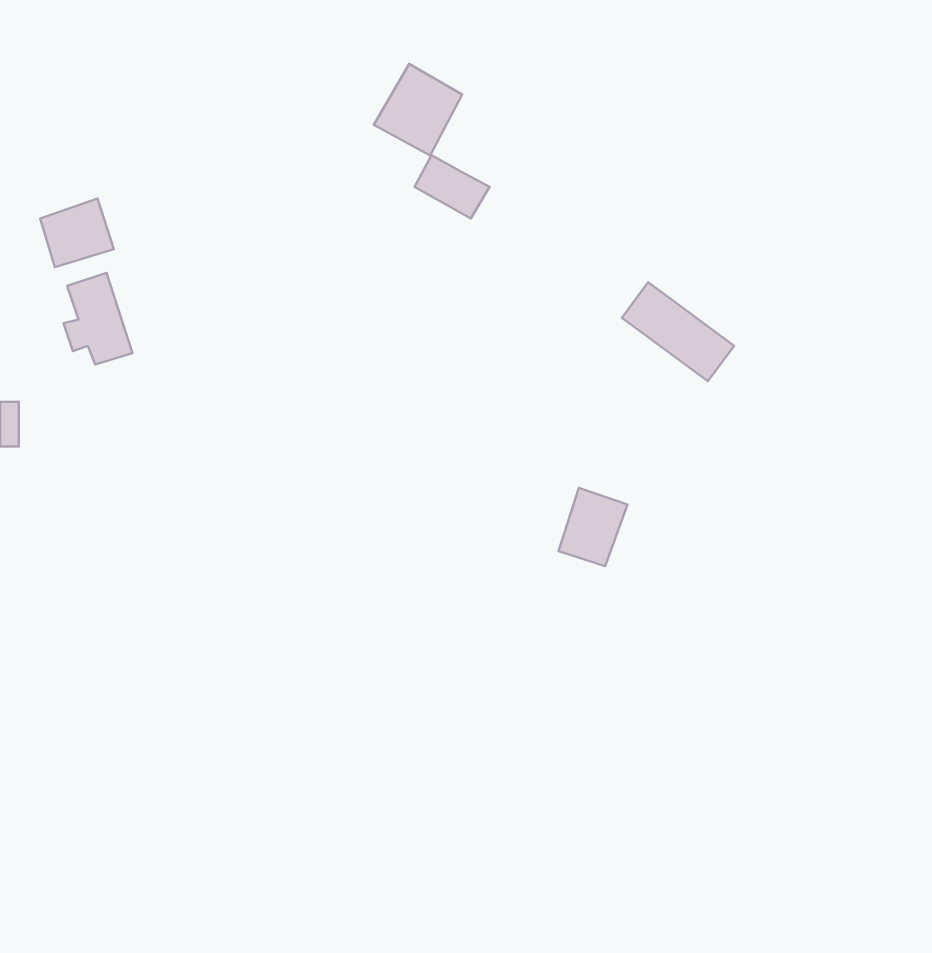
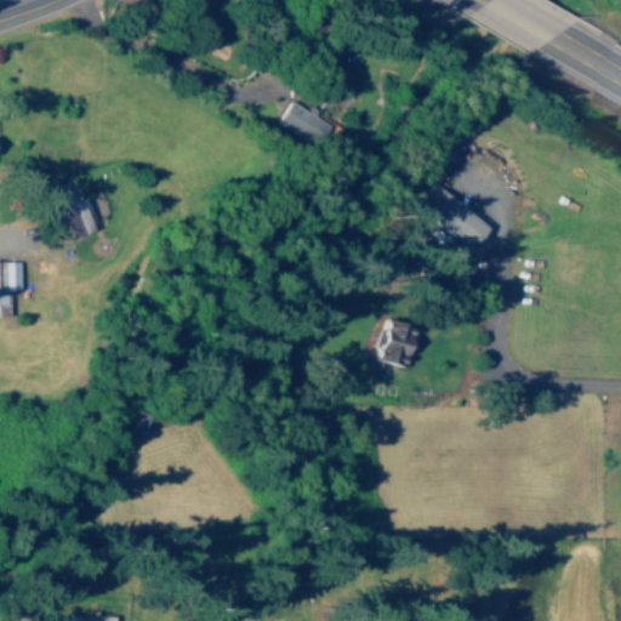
building: [374,64,462,156] -> none
building: [40,199,114,267] -> none

